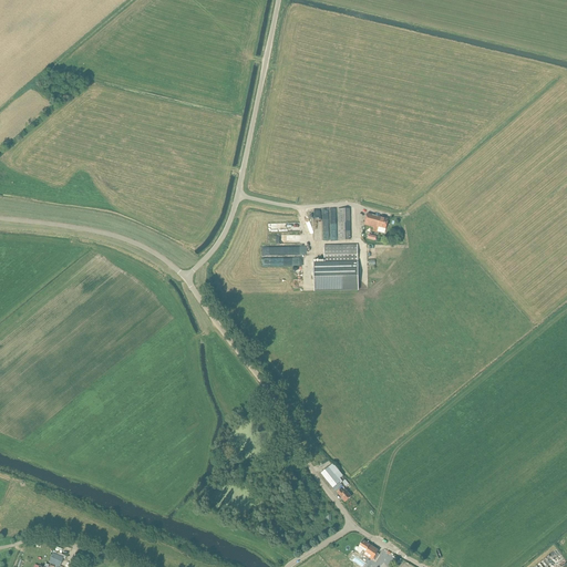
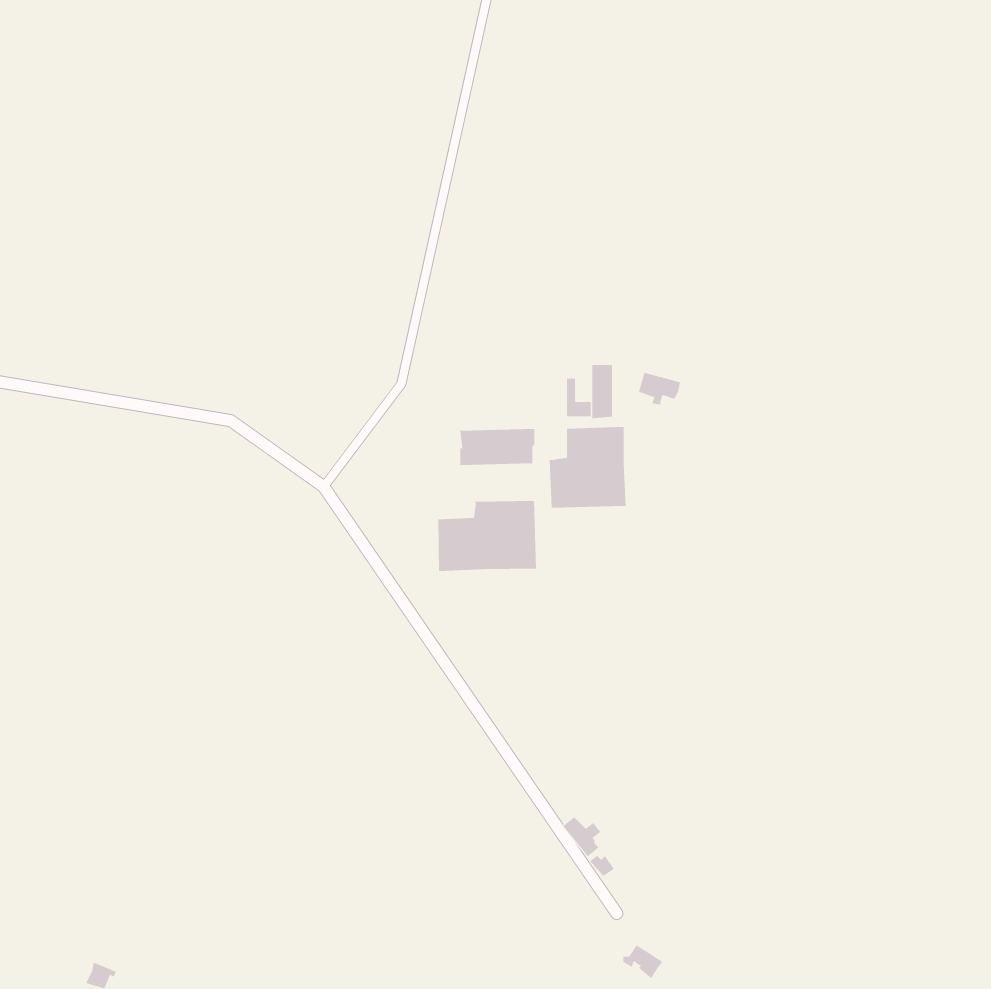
building: none -> [438,500,536,572]

